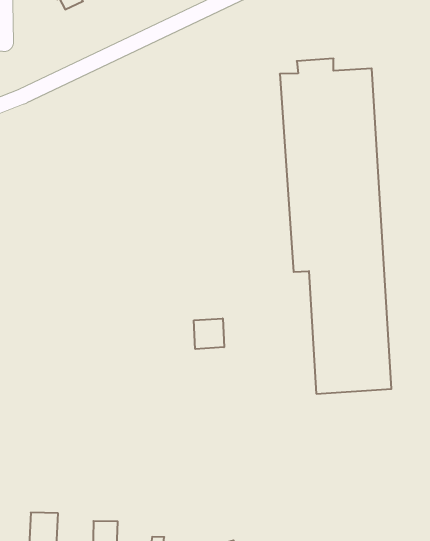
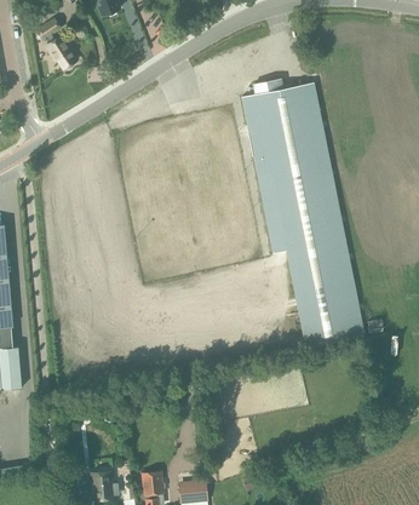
building: [194,318,224,349] -> none

